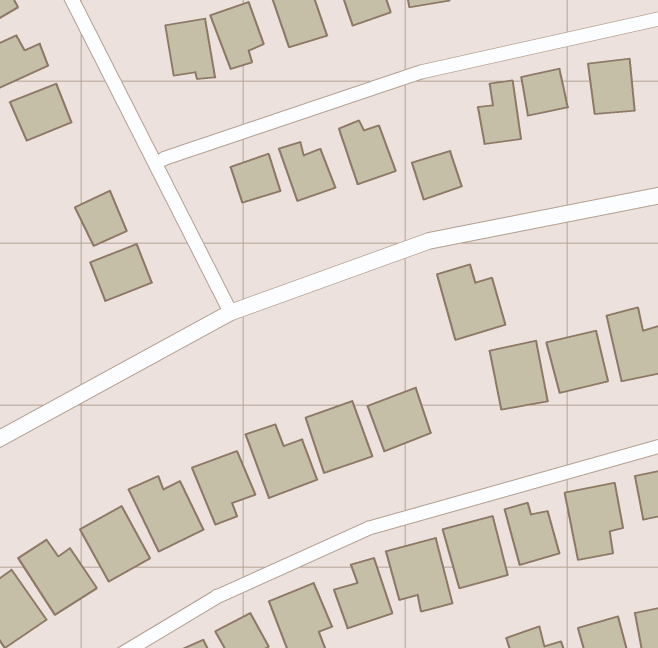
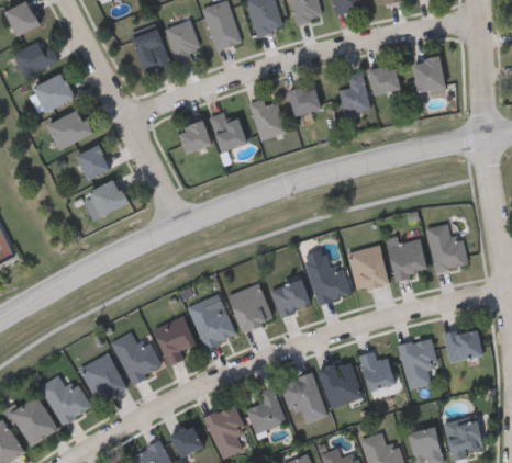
building: none -> [46,109,92,150]
building: [412,151,462,199] -> [288,84,321,116]
building: [437,265,505,340] -> [304,253,349,303]

